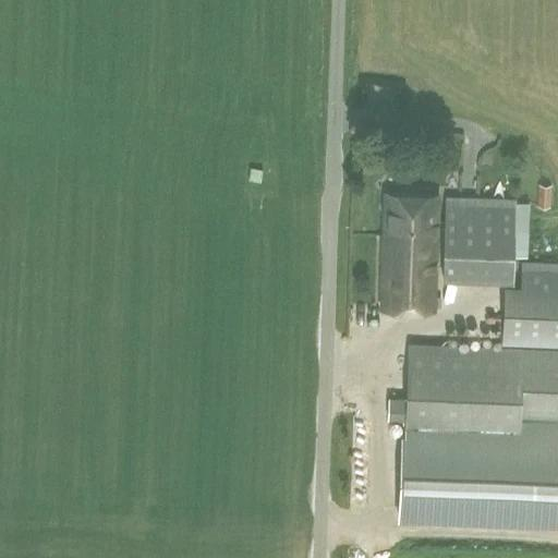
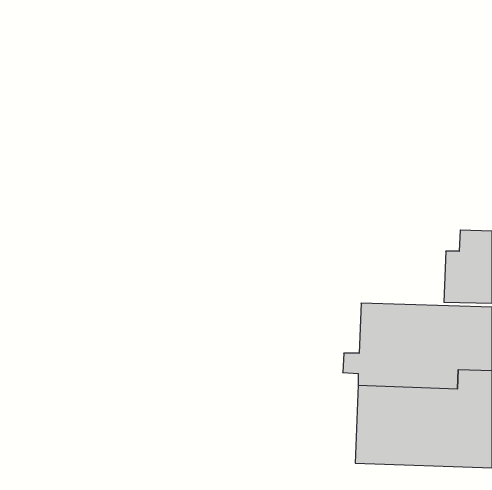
building: [383,195,437,311] -> none
building: [444,197,515,281] -> none

